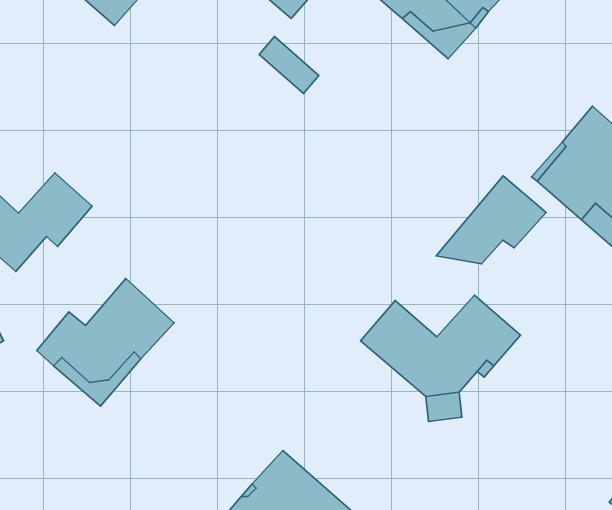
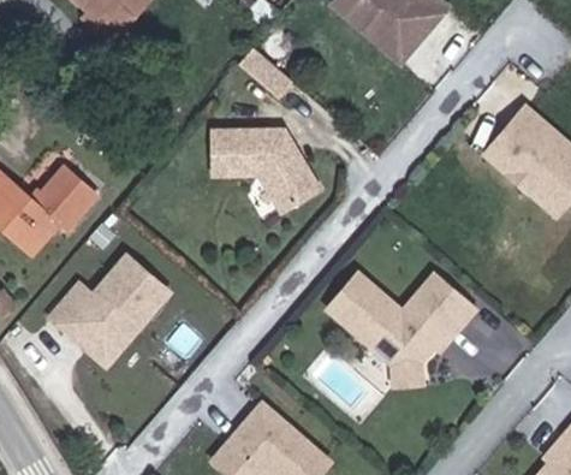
building: none -> [209,123,316,210]
building: [436,176,546,264] -> none

